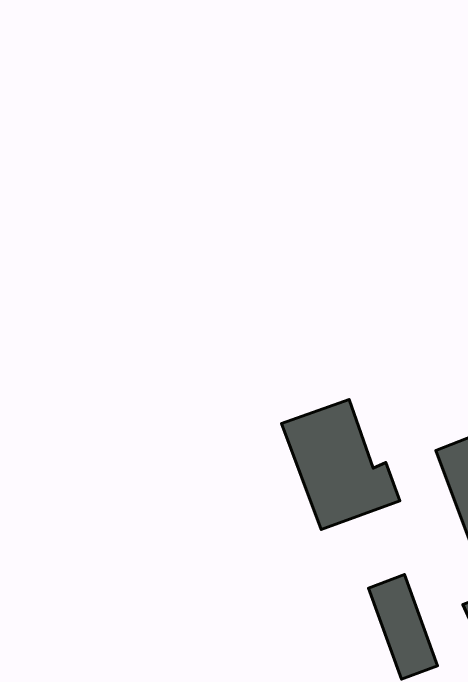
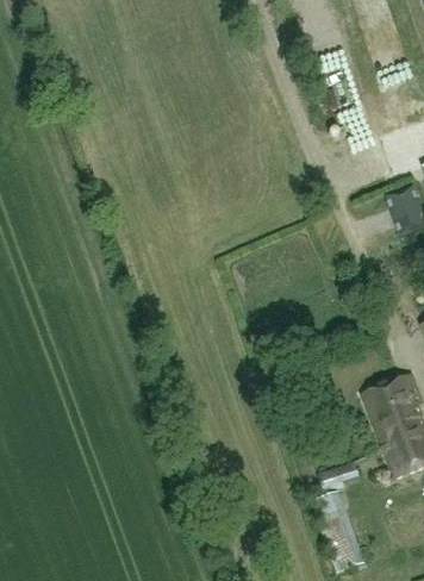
building: [282,400,400,529] -> none

